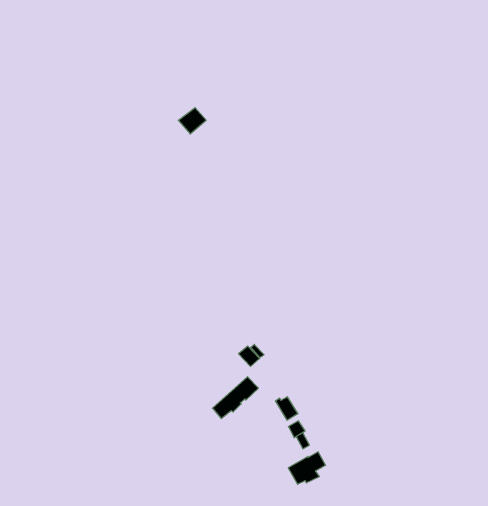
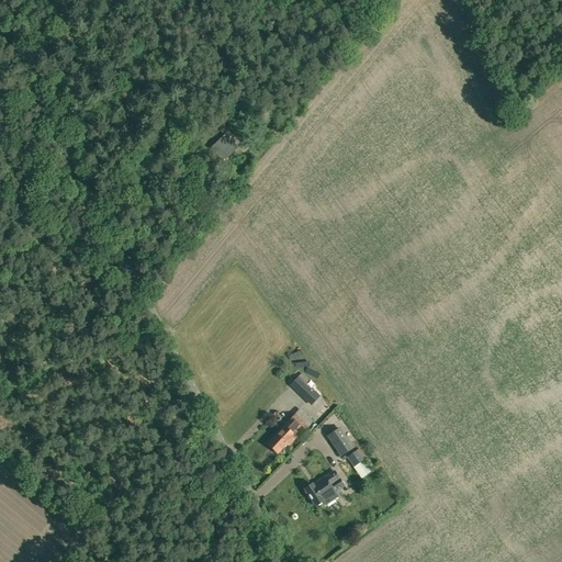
building: [288,452,326,484] -> [303,471,341,506]

